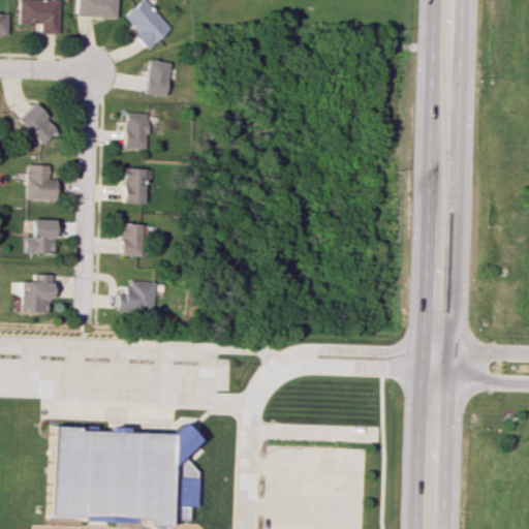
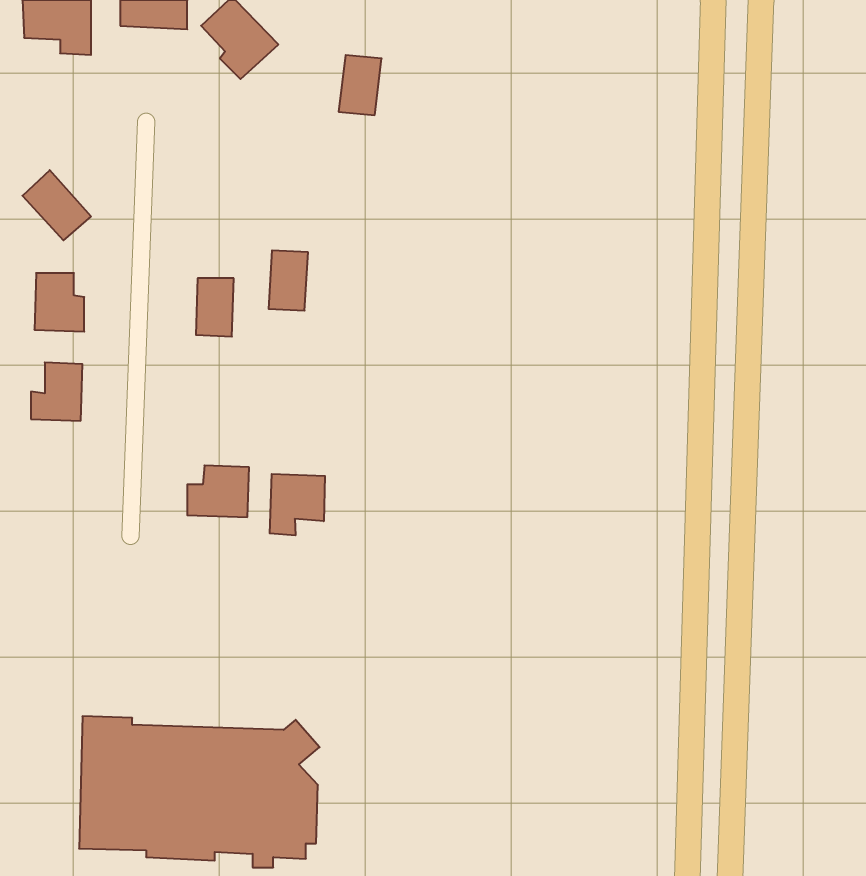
building: [147,60,173,96] -> [339,55,382,115]
building: [126,113,150,149] -> [269,250,308,311]
building: [122,223,144,256] -> none
building: [22,274,54,313] -> none
building: none -> [270,474,325,535]

